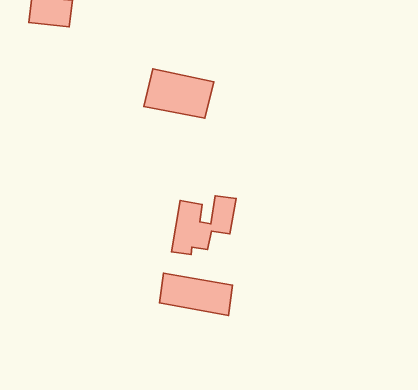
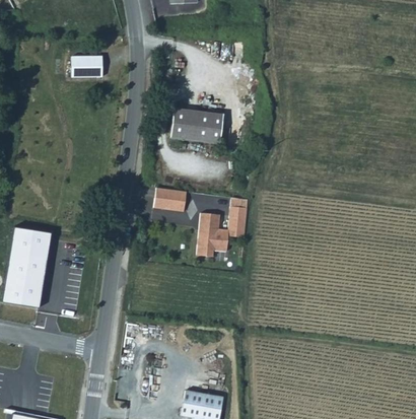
building: none -> [153,188,186,212]
building: [159,273,233,316] -> none

